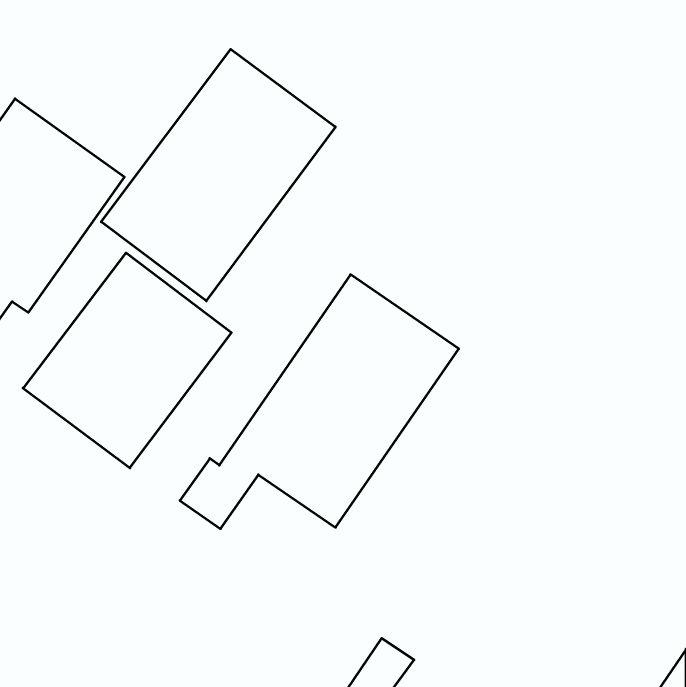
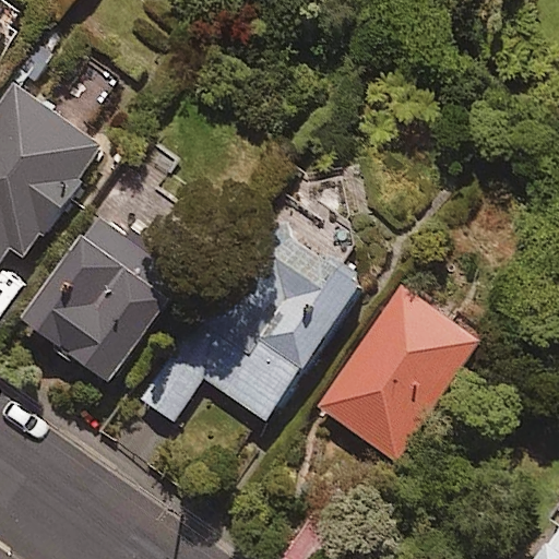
building: [101,49,335,301] -> none
building: none -> [318,284,479,463]

